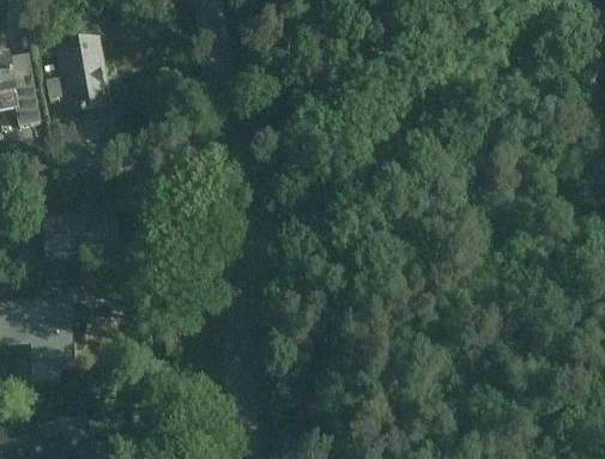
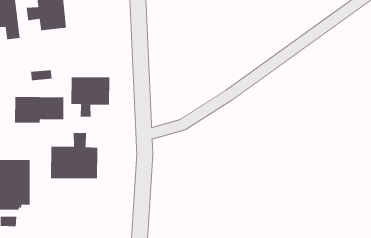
building: none -> [71,76,110,118]
building: none -> [51,132,98,179]

